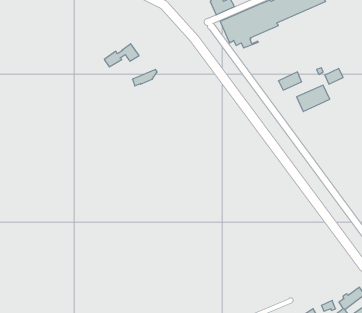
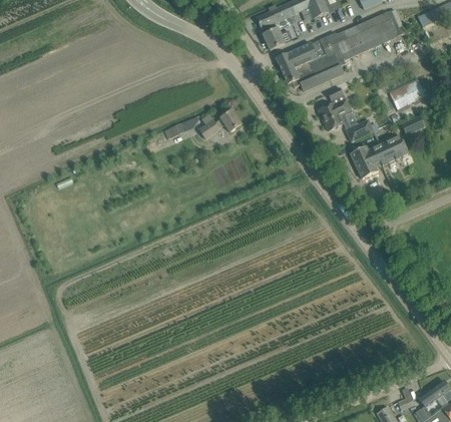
building: none -> [390,79,425,109]
building: [104,44,139,67] -> [199,110,242,138]
building: none -> [319,87,351,130]
building: none -> [350,145,378,178]

